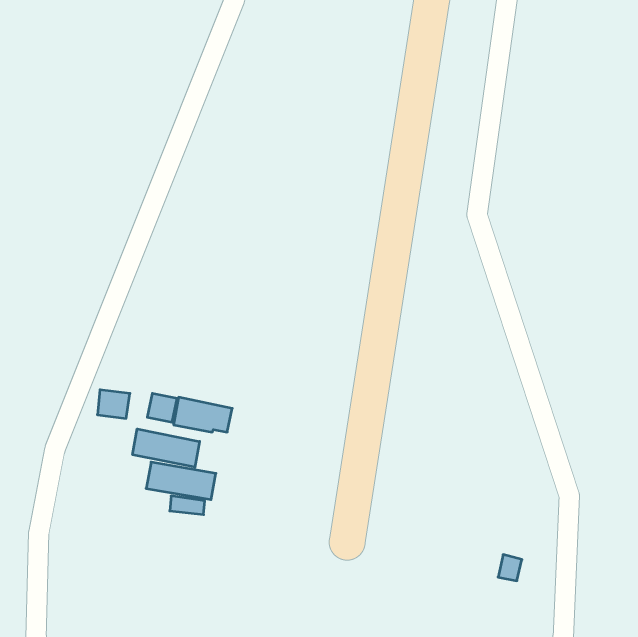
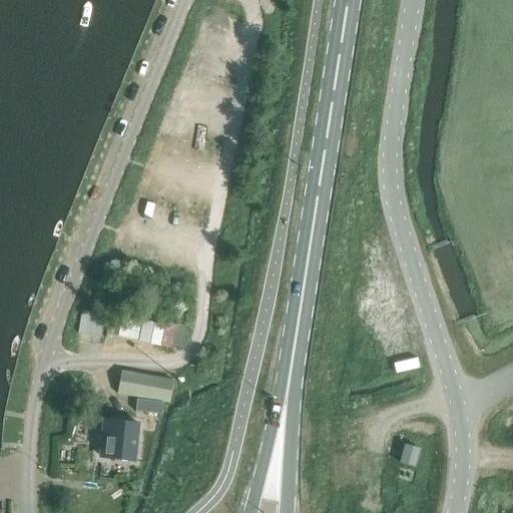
building: [133,429,200,467] -> none
building: none -> [100,420,138,460]

